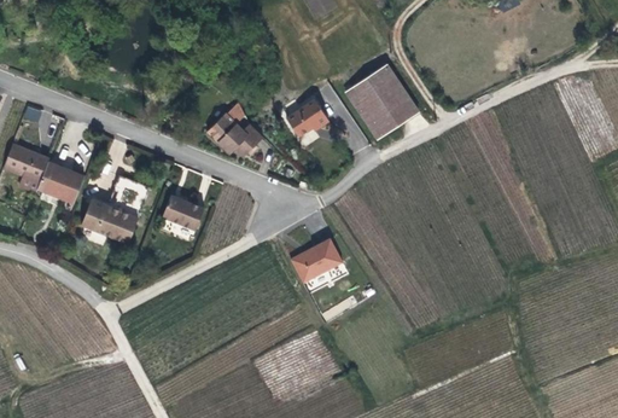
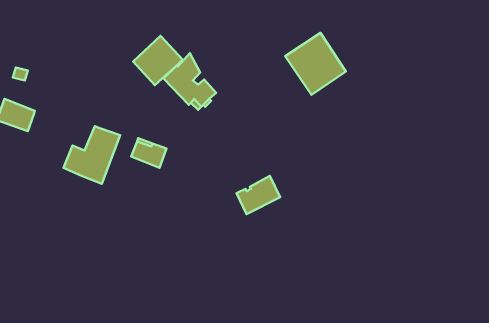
building: none -> [133,36,183,85]
building: [287,98,330,135] -> none
building: [37,162,84,203] -> none

